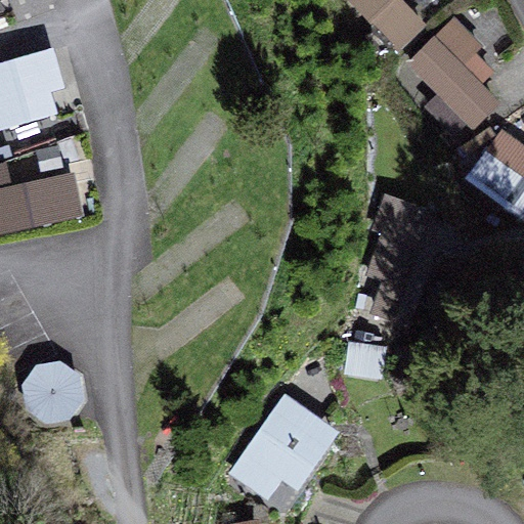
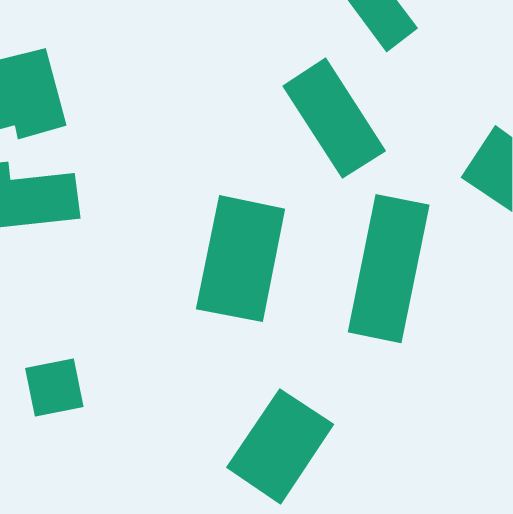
building: [404,20,510,134] -> none
building: none -> [281,56,387,180]
building: none -> [195,194,286,323]

